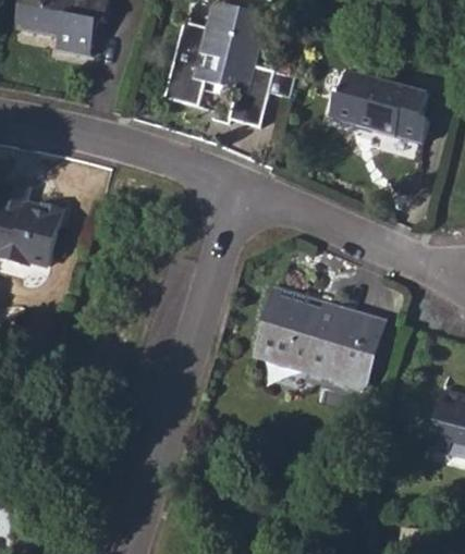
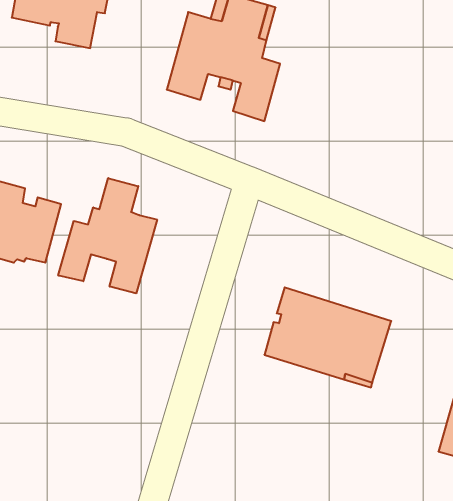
building: [326,69,426,143] -> none
building: none -> [58,178,157,293]

